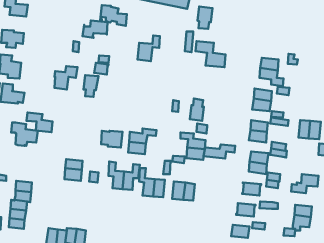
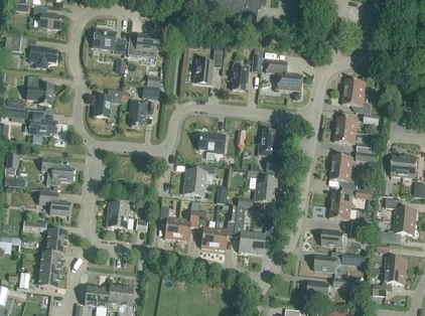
building: [100,5,127,26] -> [93,28,125,53]
building: [198,7,212,29] -> [231,63,249,91]
building: [27,112,52,132] -> [38,191,69,215]
building: [101,131,123,147] -> [198,133,225,153]
building: [204,144,235,158] -> none
building: none -> [385,199,415,222]

